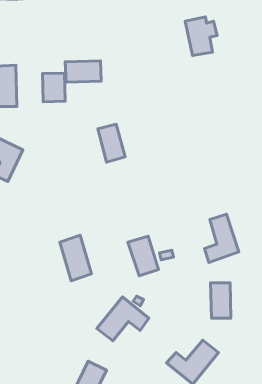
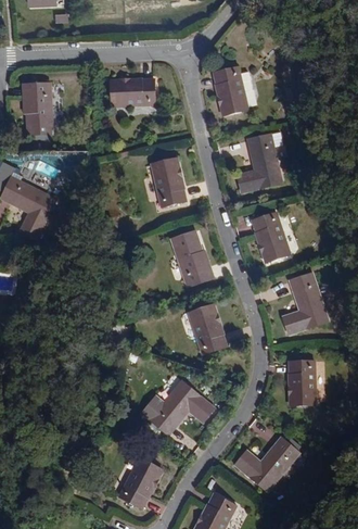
building: [185,17,217,56] -> [215,74,254,122]
building: [42,73,65,102] -> none
building: none -> [235,138,280,197]
building: none -> [252,214,287,263]
building: [60,235,92,281] -> [169,230,208,287]

